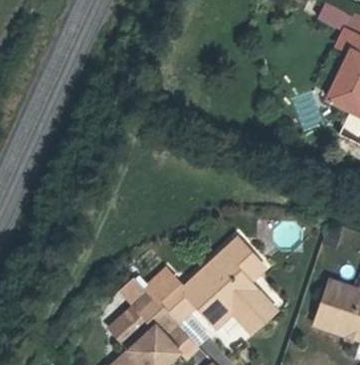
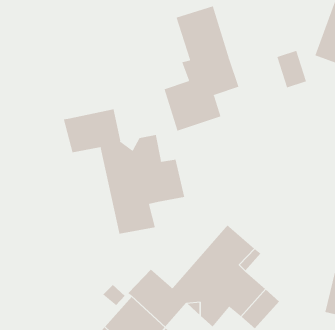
building: none -> [164,5,239,132]
building: none -> [63,109,185,234]

